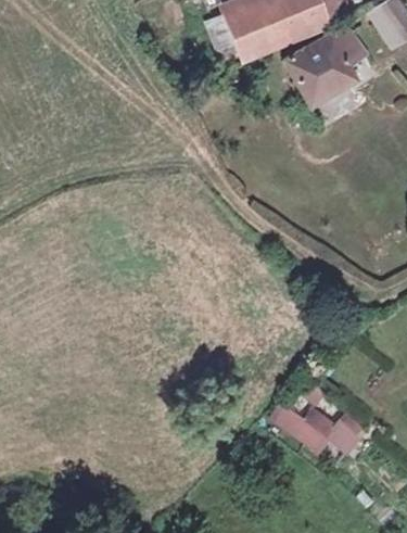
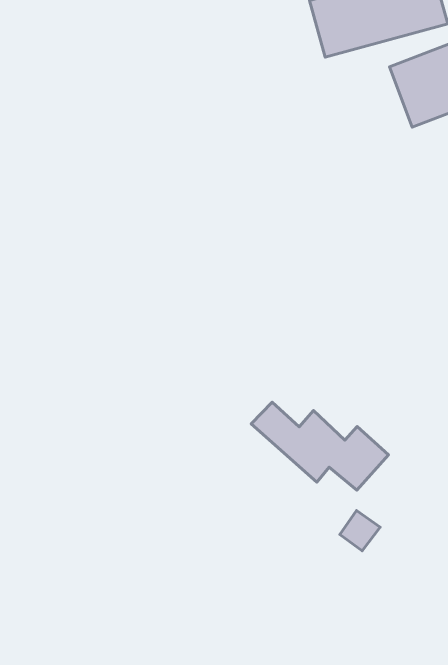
building: [264,403,365,458] -> [251,402,389,490]

